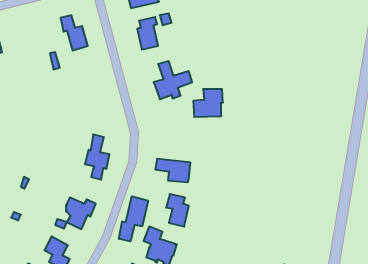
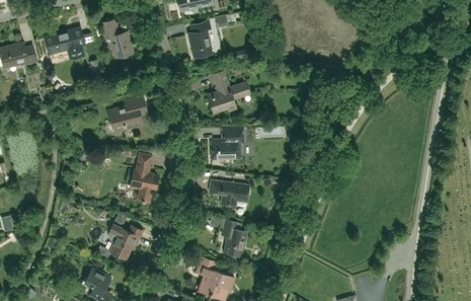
building: none -> [45,28,84,59]
building: none -> [107,96,146,132]
building: [193,89,223,117] -> [211,128,244,159]
building: [119,196,148,241] -> none

